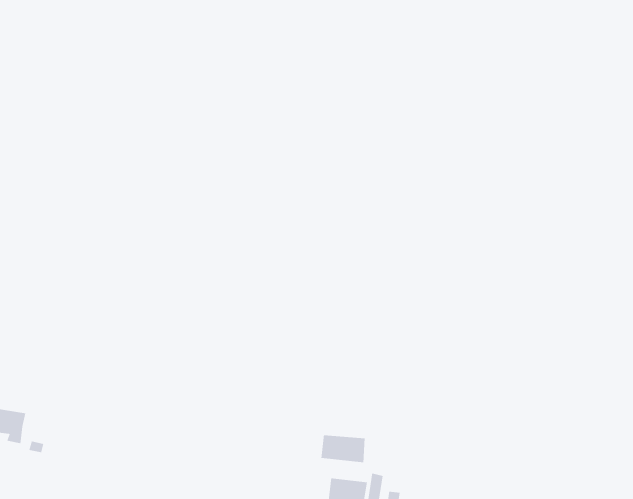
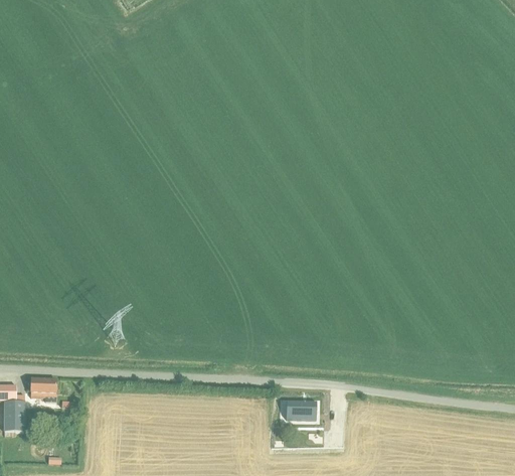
building: [321,434,365,463] -> none

